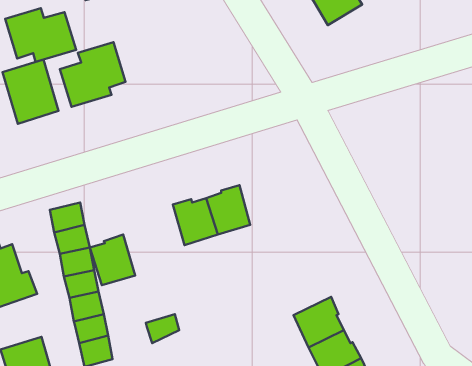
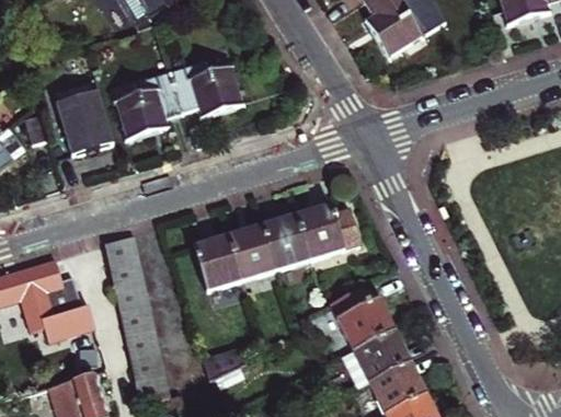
building: [5,8,76,62] -> [169,60,241,115]
building: none -> [297,206,362,257]
building: [90,235,135,285] -> [195,236,241,288]
building: none -> [329,285,390,349]

